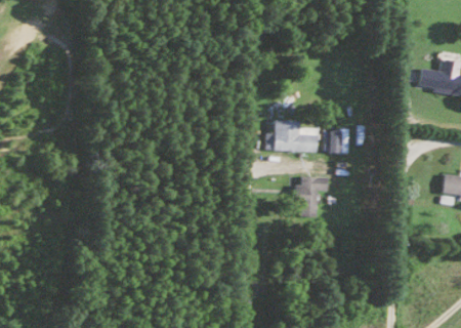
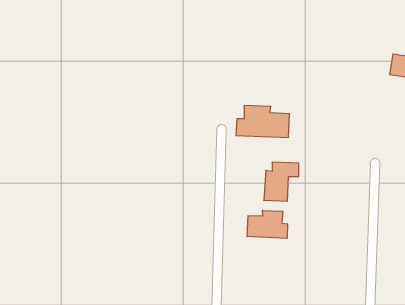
building: [322,129,348,154] -> none
building: none -> [247,210,287,238]

